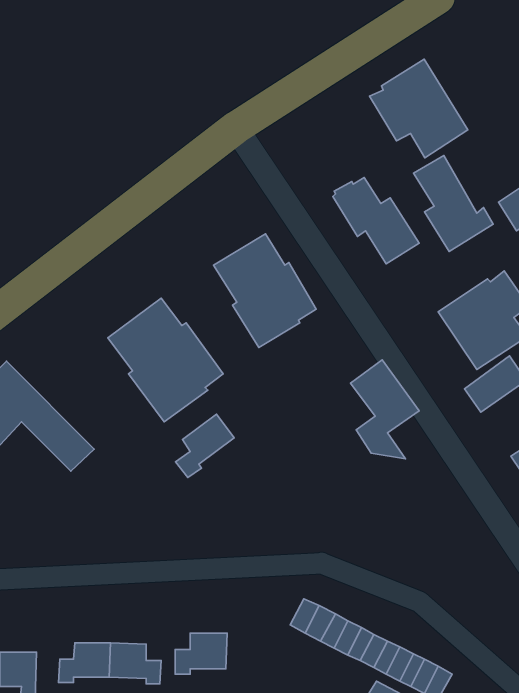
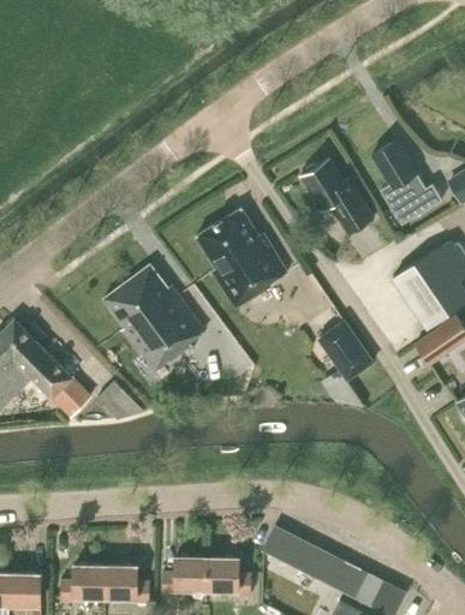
building: [370,59,468,158] -> none
building: [176,414,234,478] -> none
building: none -> [207,557,251,595]

